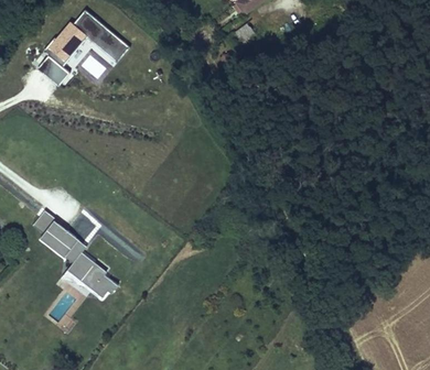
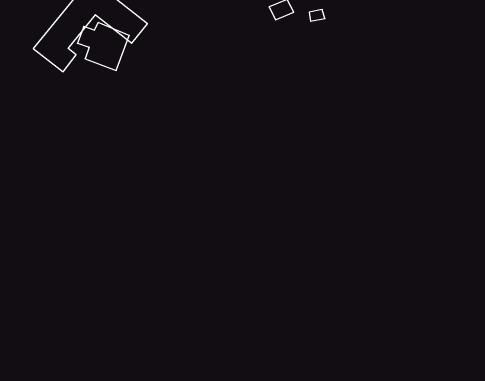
building: [32,211,117,298] -> none

